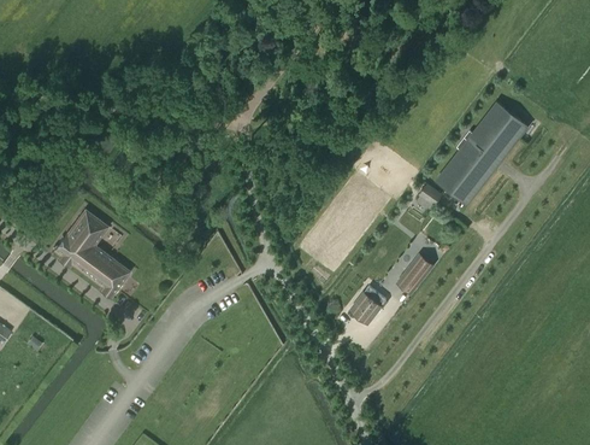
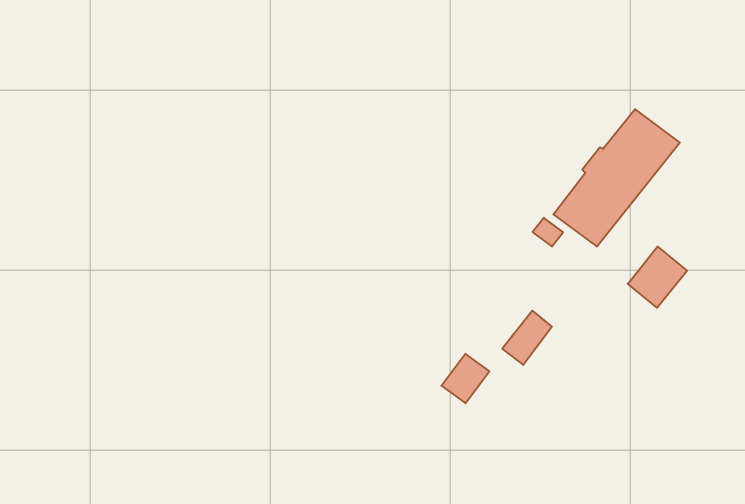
building: none -> [628,247,687,308]
building: [53,210,130,295] -> none

